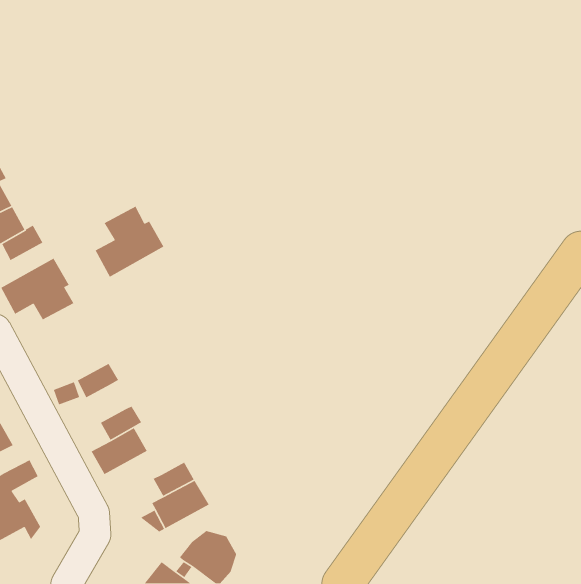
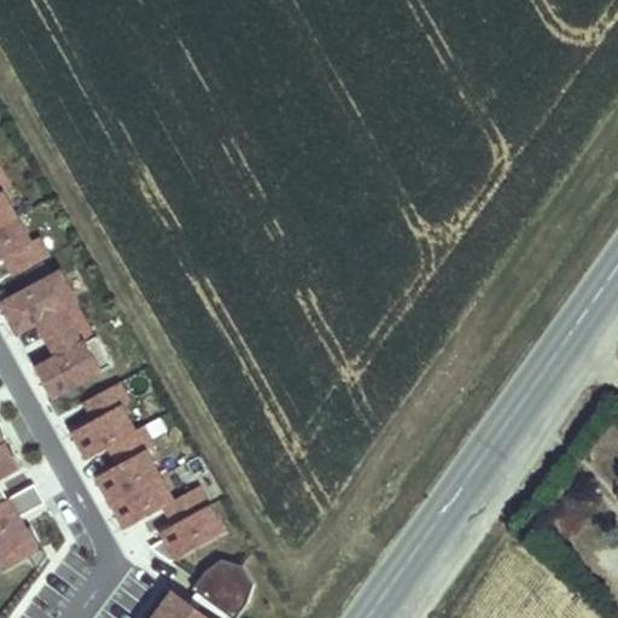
building: [94,206,164,278] -> [35,320,109,396]
building: none -> [71,406,132,456]
building: none -> [110,476,170,526]

